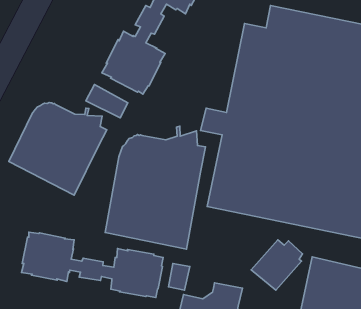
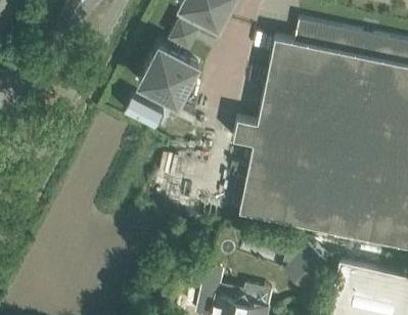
building: [9,102,107,195] -> none
building: [105,126,206,249] -> none
building: [21,232,163,298] -> none

